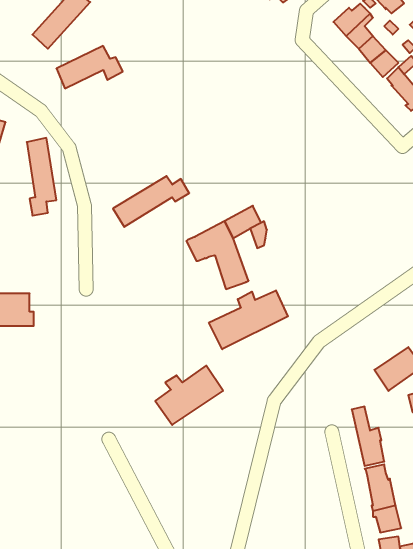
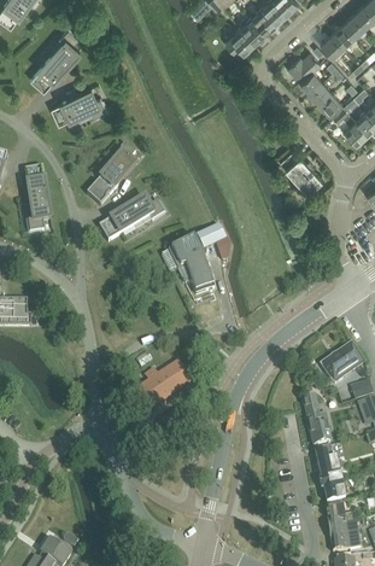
building: none -> [87,144,136,206]
building: none -> [280,148,322,192]
building: [209,290,288,349] -> none

